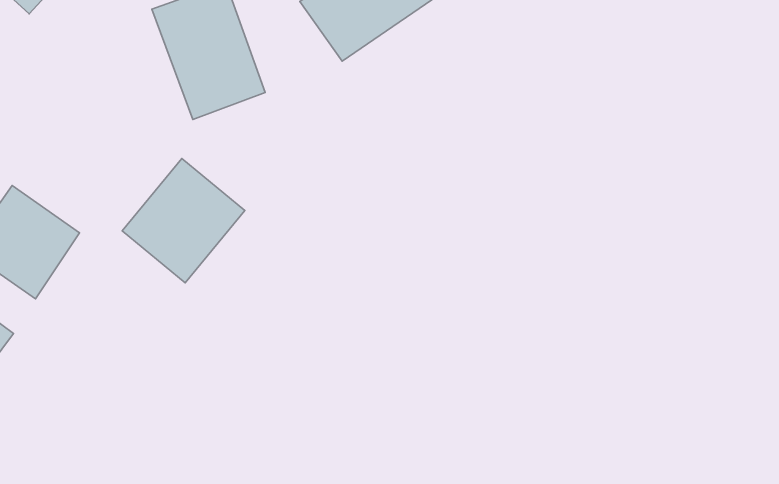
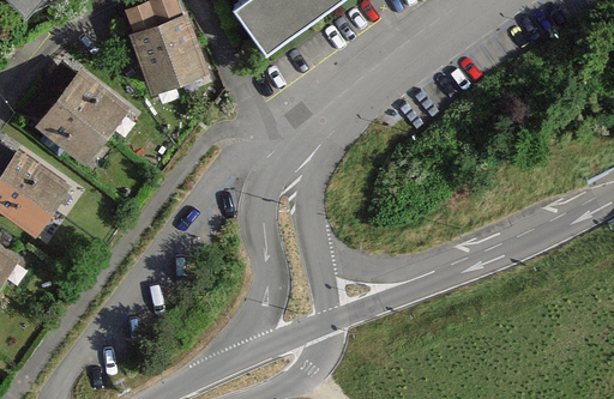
building: [122,159,245,283] -> [34,67,127,162]

